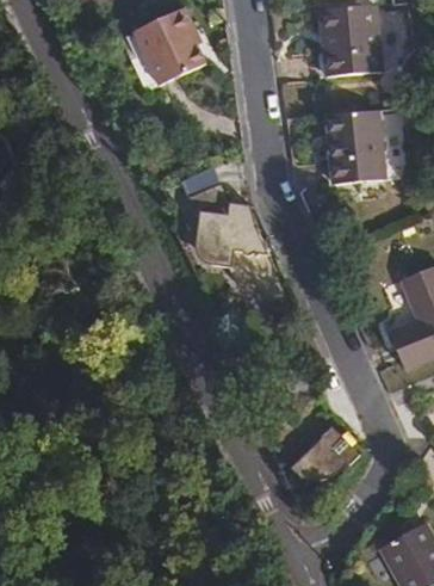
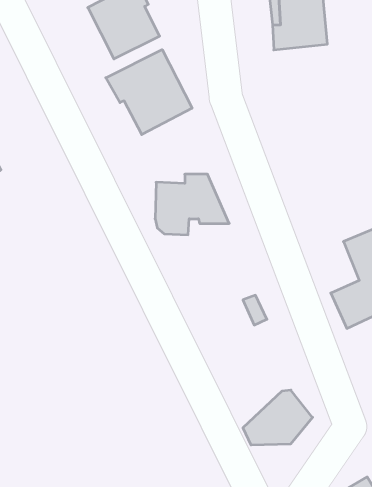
building: none -> [106,50,192,135]
building: [323,111,379,183] -> none

